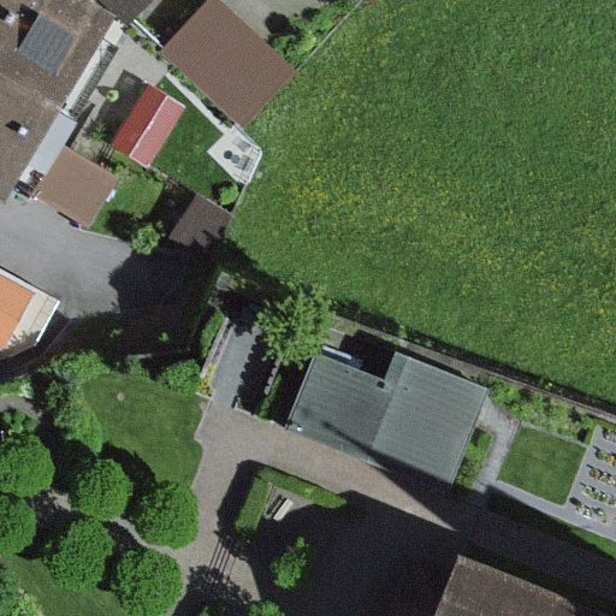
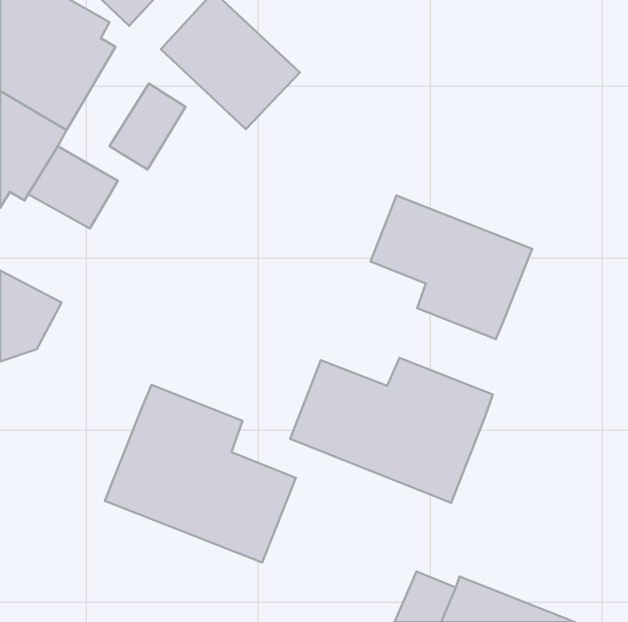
building: none -> [370,196,532,339]
building: none -> [105,385,296,562]

